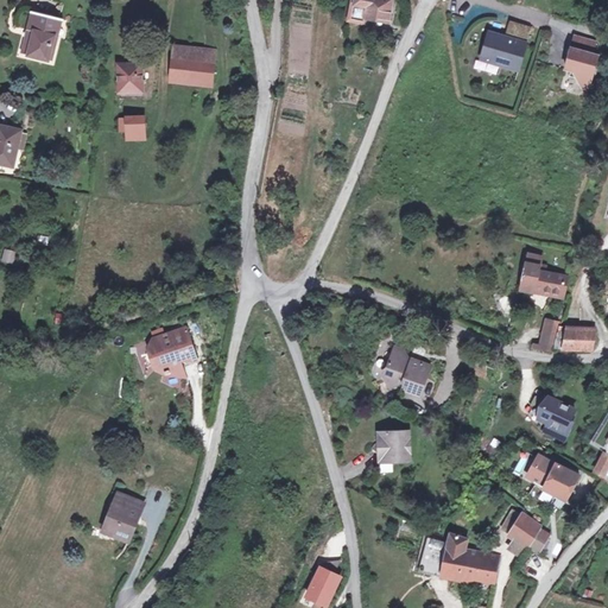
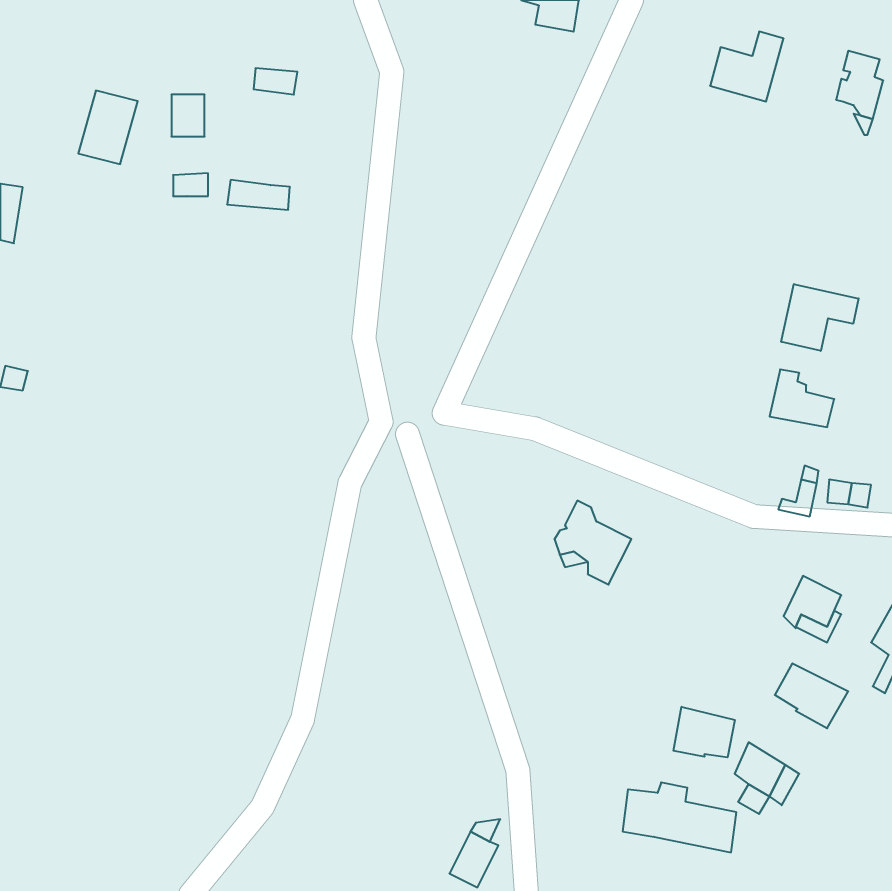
building: [17,12,57,62] -> [78,91,138,164]
building: [171,63,214,83] -> [227,180,290,210]
building: none -> [781,284,859,351]
building: [147,330,192,375] -> none
building: [372,433,411,464] -> none
building: none -> [673,707,735,757]
building: [106,493,141,537] -> none

